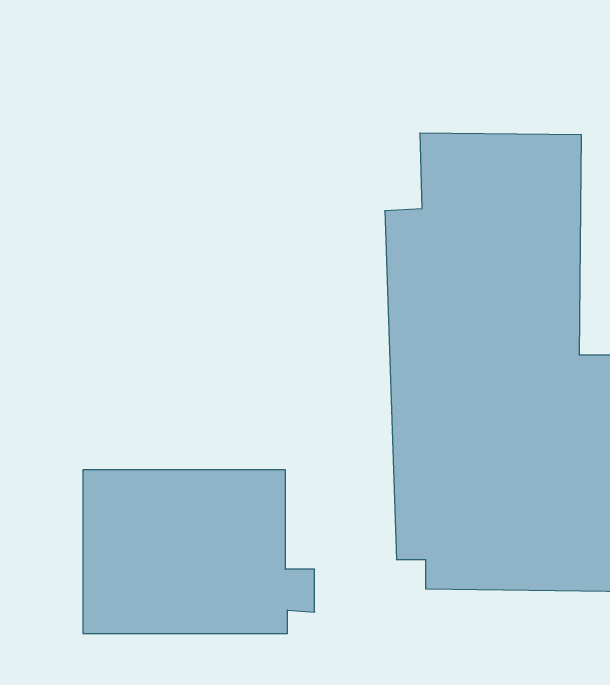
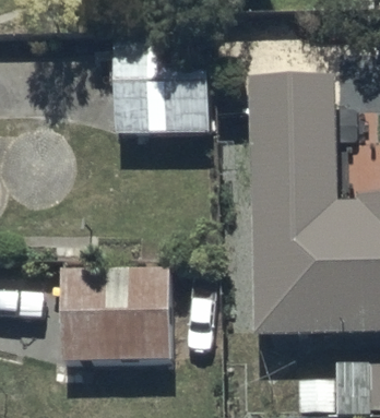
building: none -> [115,35,212,133]

